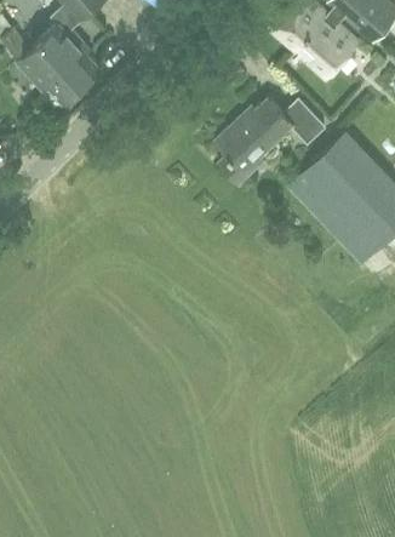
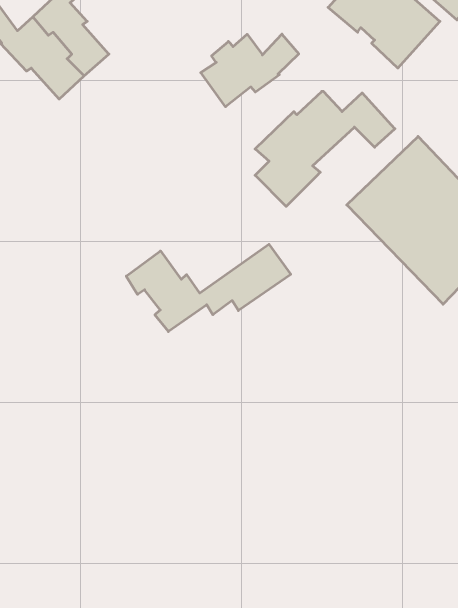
building: none -> [201,34,299,107]
building: none -> [126,244,291,332]

